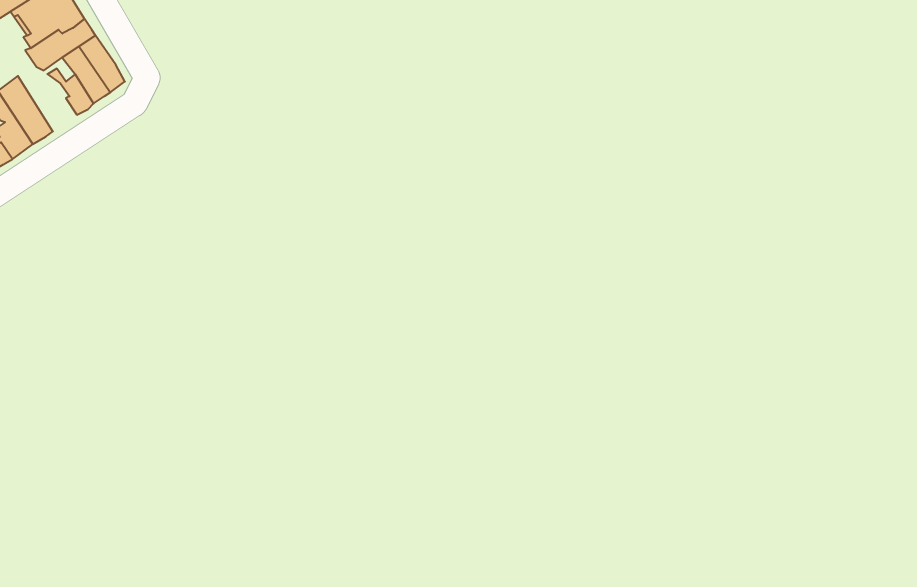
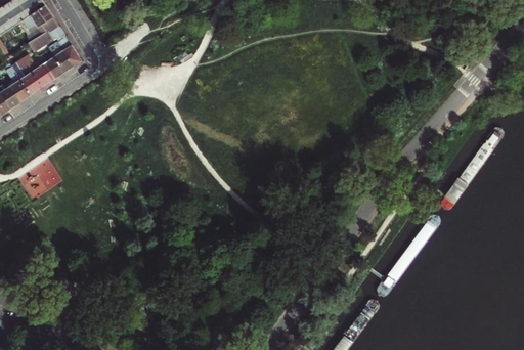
building: none -> [21,53,54,87]

